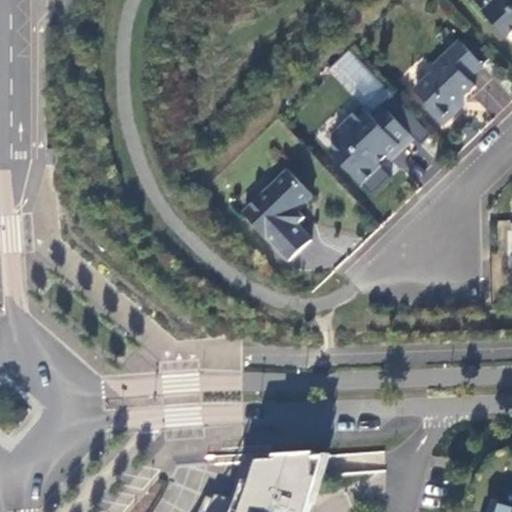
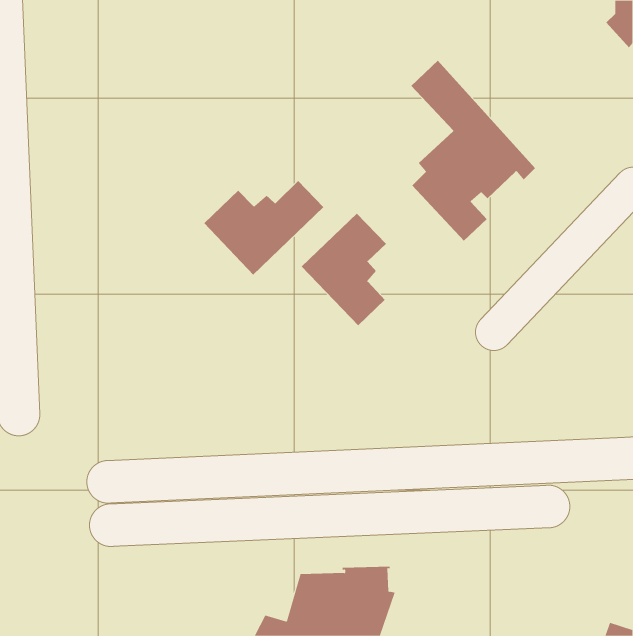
building: [413,42,482,126] -> none
building: none -> [203,180,324,275]

